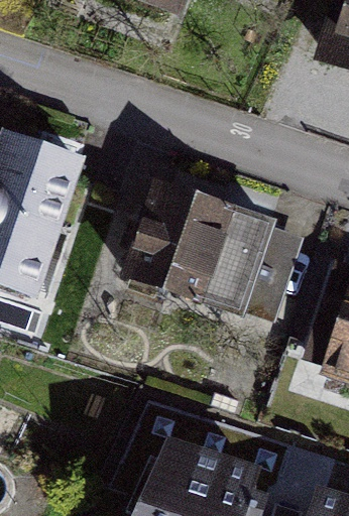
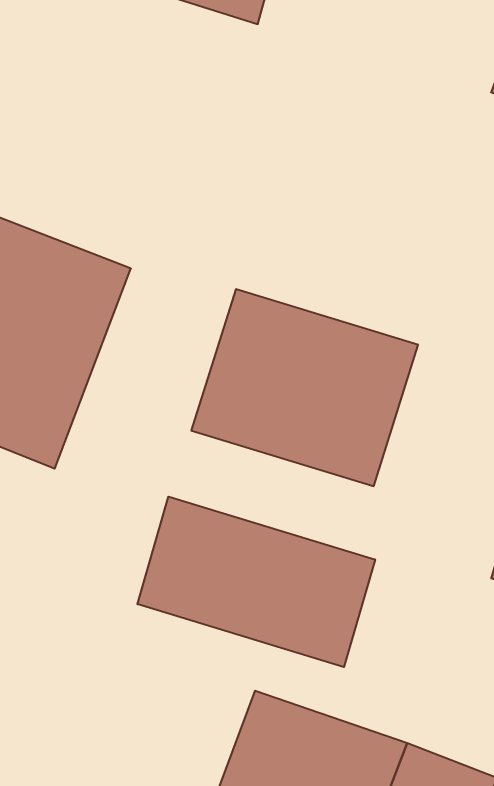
building: none -> [137,497,375,667]

